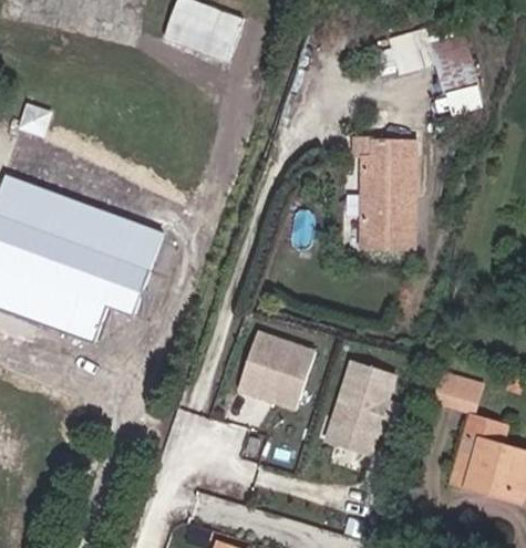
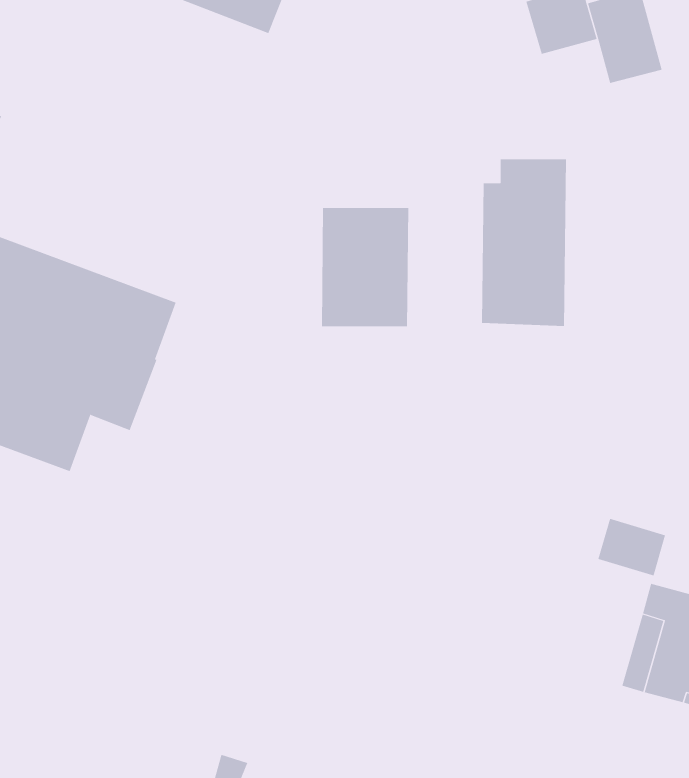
building: none -> [321,207,409,327]
building: [234,329,317,412] -> none
building: [320,356,403,455] -> none

